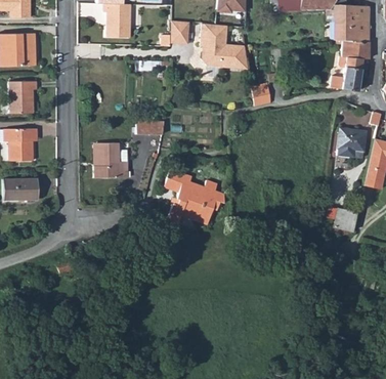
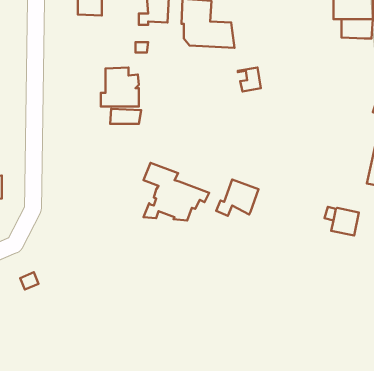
building: [331,55,362,89] -> none
building: [338,129,366,158] -> none
building: [93,142,127,177] -> [101,67,139,107]
building: none -> [216,179,259,216]

